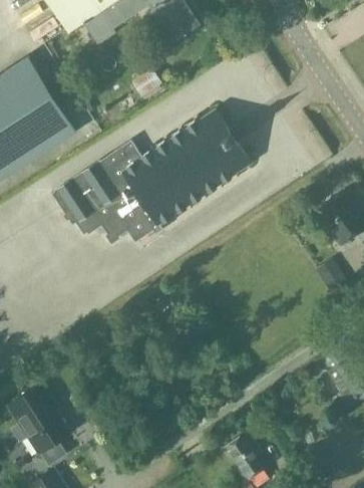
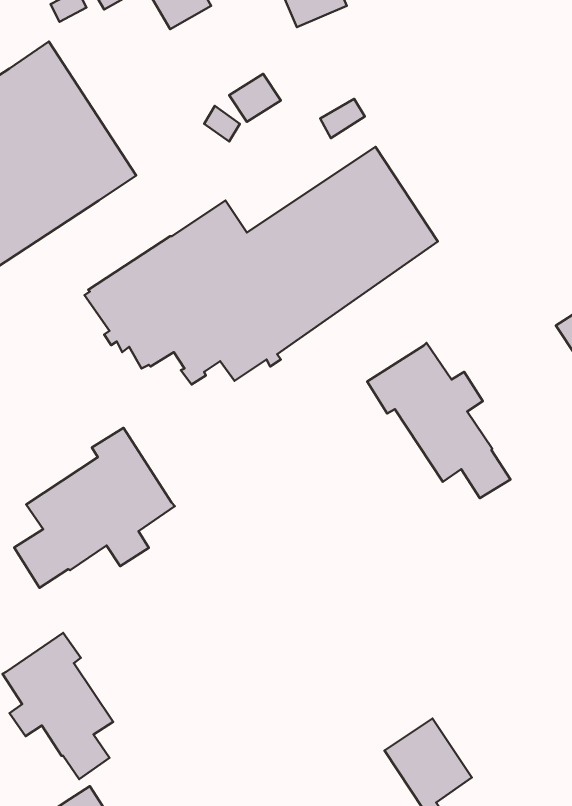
building: none -> [367,343,510,498]
building: none -> [14,428,175,588]

